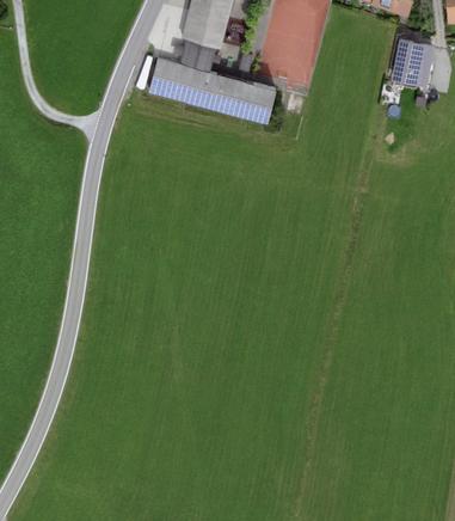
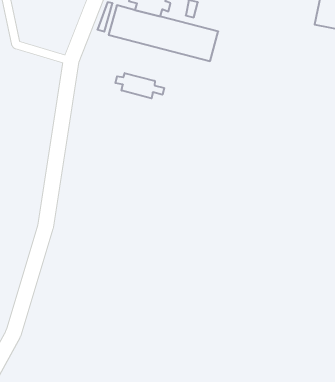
building: none -> [115,73,164,98]

